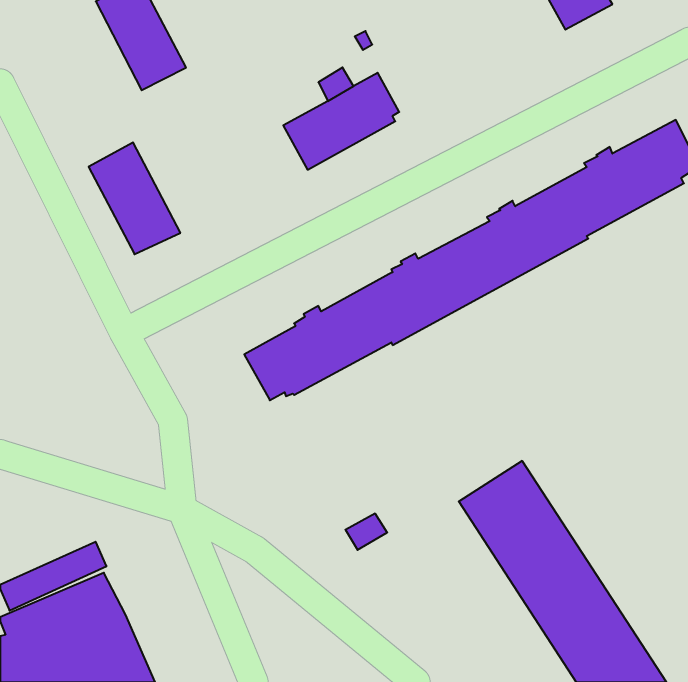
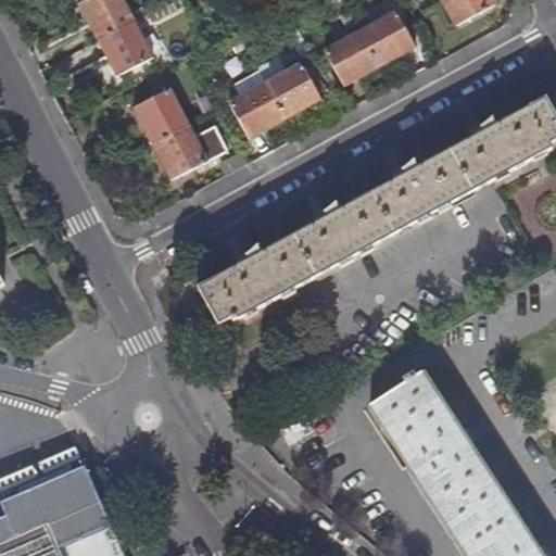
building: none -> [324,10,415,85]
building: [89,142,180,254] -> [132,87,206,177]

